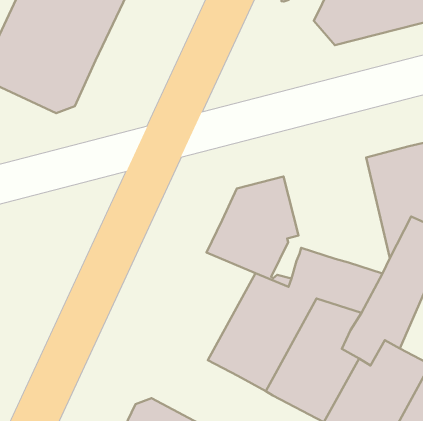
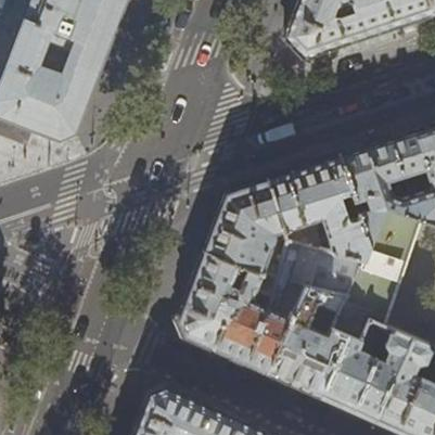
building: none -> [268,158,369,261]
building: none -> [178,255,250,351]

